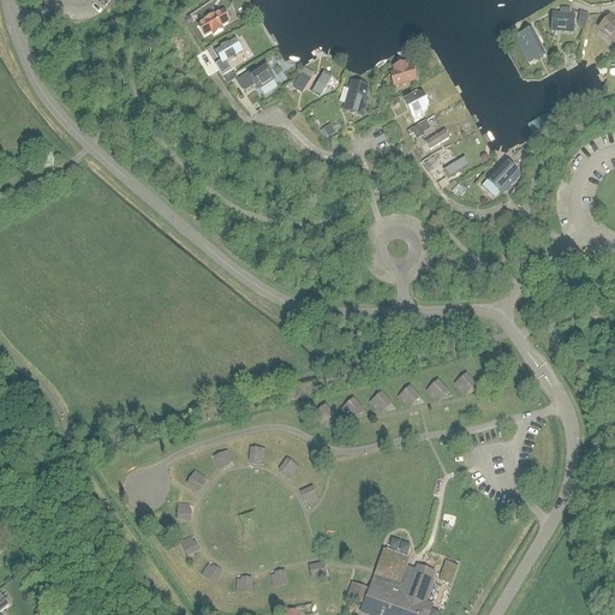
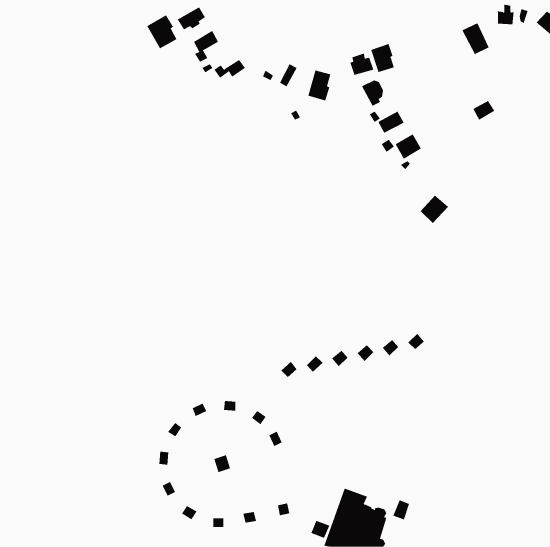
building: none -> [146,15,177,49]
building: none -> [370,43,394,73]
building: [488,159,520,191] -> [420,195,449,224]

